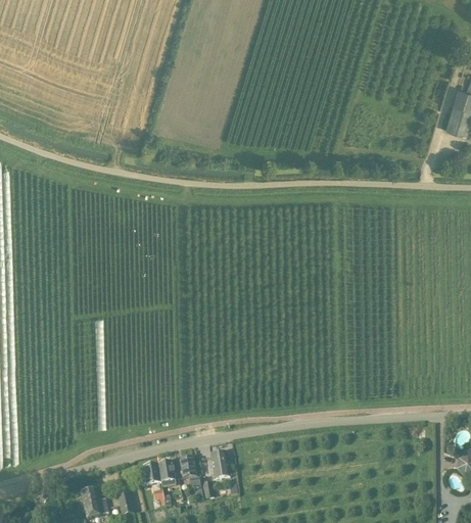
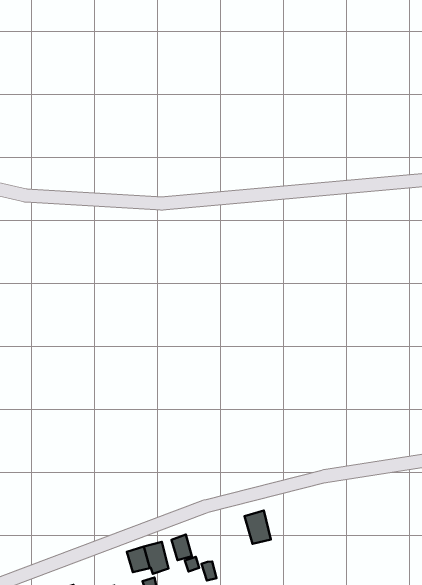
building: [210,451,230,478] -> [245,510,271,544]

